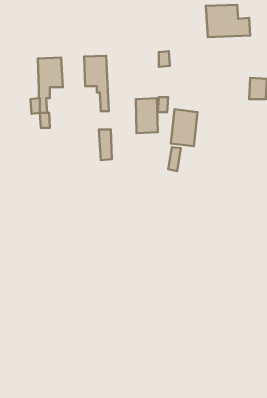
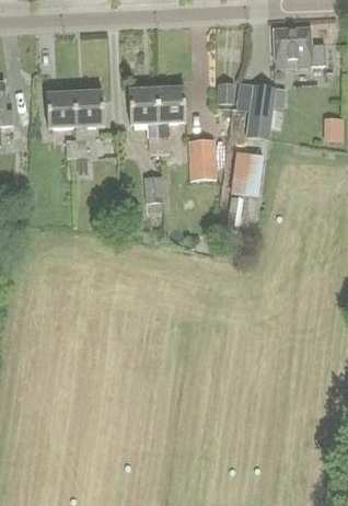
building: none -> [237,83,286,138]
building: none -> [154,87,183,153]
building: none -> [46,91,74,127]

